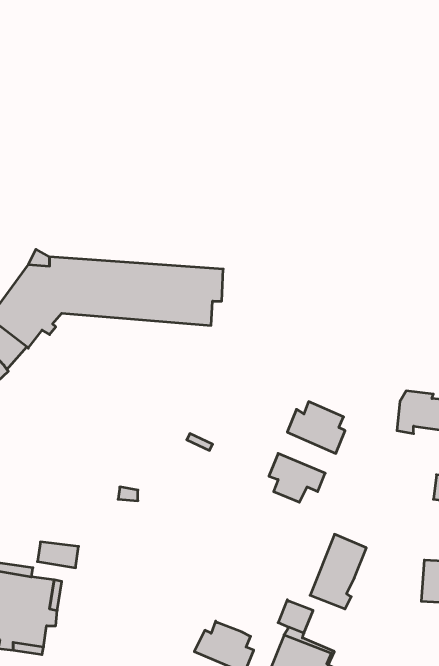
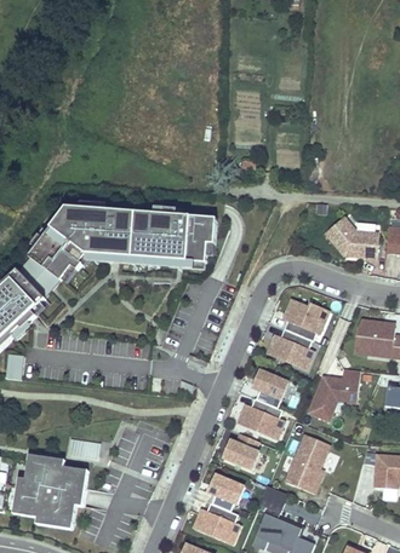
building: none -> [325,217,378,258]
building: none -> [282,299,328,340]
building: none -> [308,368,360,415]
building: none -> [238,398,284,438]
building: none -> [223,433,258,470]
building: none -> [208,474,244,511]

